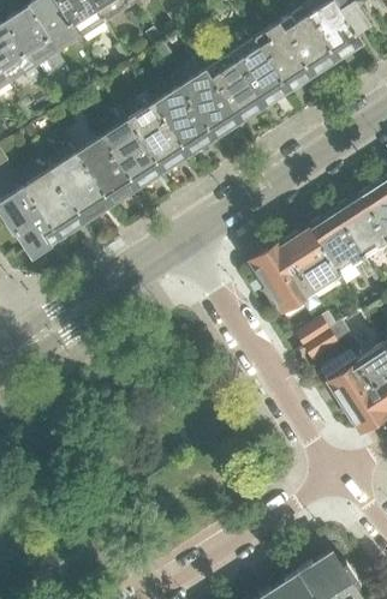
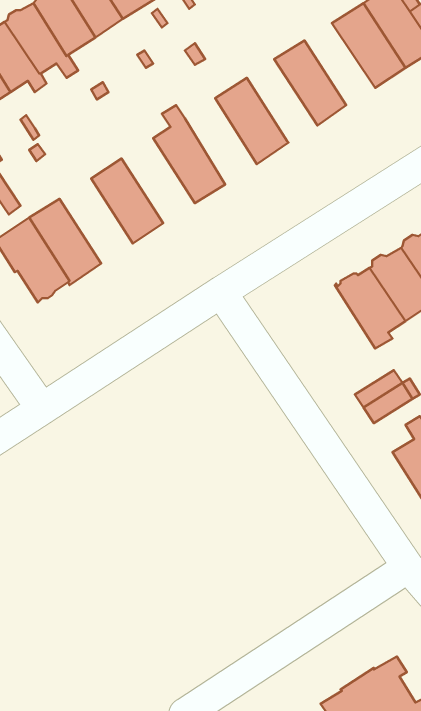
building: [255,23,314,91] -> none
building: [207,53,266,121] -> none
building: [155,85,215,157] -> none
building: [102,119,163,190] -> none
building: [50,152,112,223] -> none
building: [250,241,314,309] -> none

